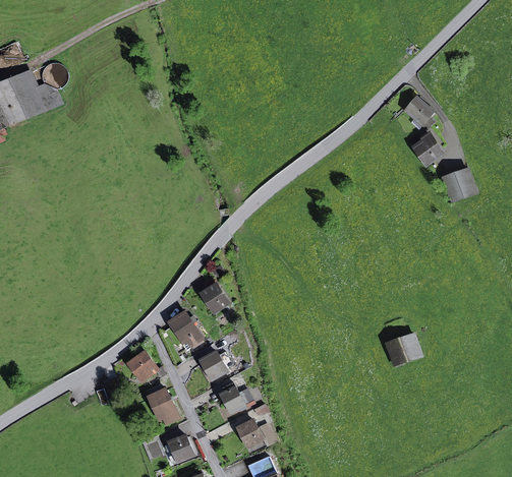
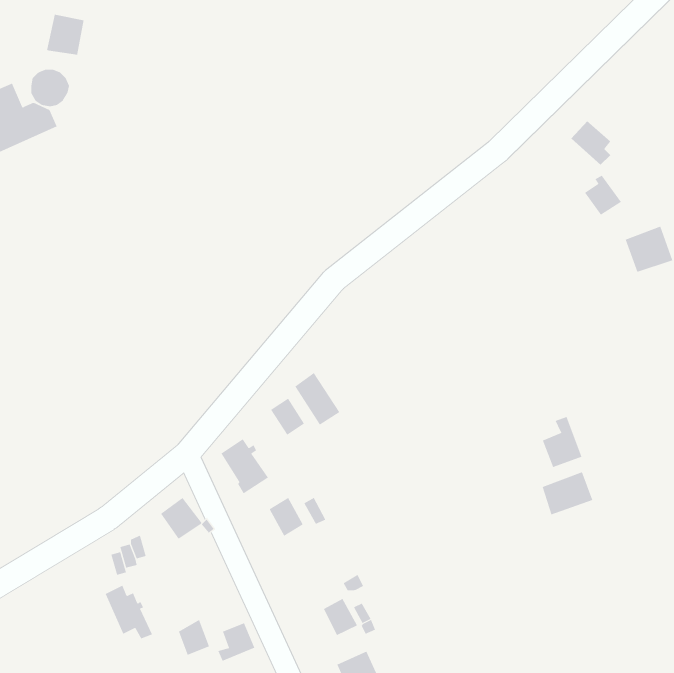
building: none -> [46,14,84,56]
building: none -> [295,372,340,426]
building: none -> [542,416,582,468]
building: [222,382,252,411] -> none
building: [147,384,179,421] -> [105,585,153,639]

